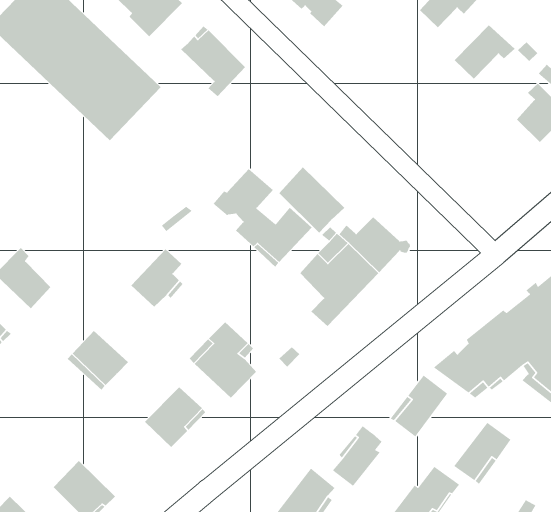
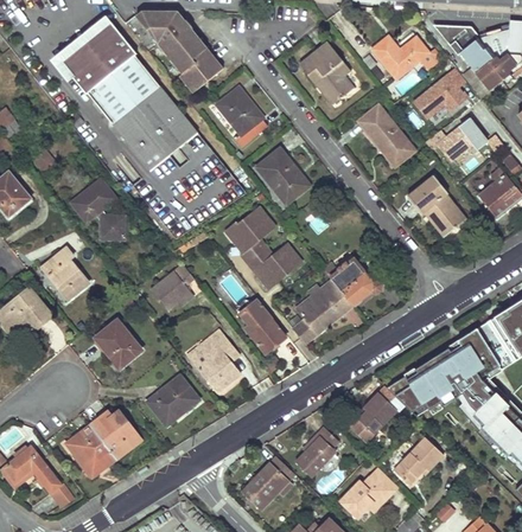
building: none -> [358,105,414,165]
building: none -> [407,174,466,235]
building: none -> [72,180,125,238]
building: [279,166,345,233] -> [257,148,310,204]
building: none -> [241,299,285,352]
building: none -> [90,411,141,457]

